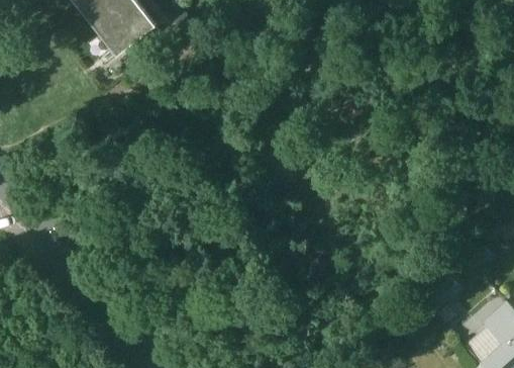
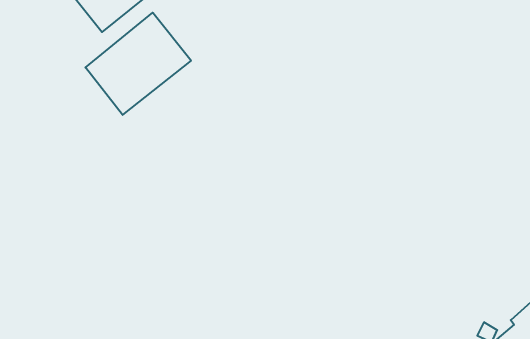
building: none -> [85,13,191,115]

